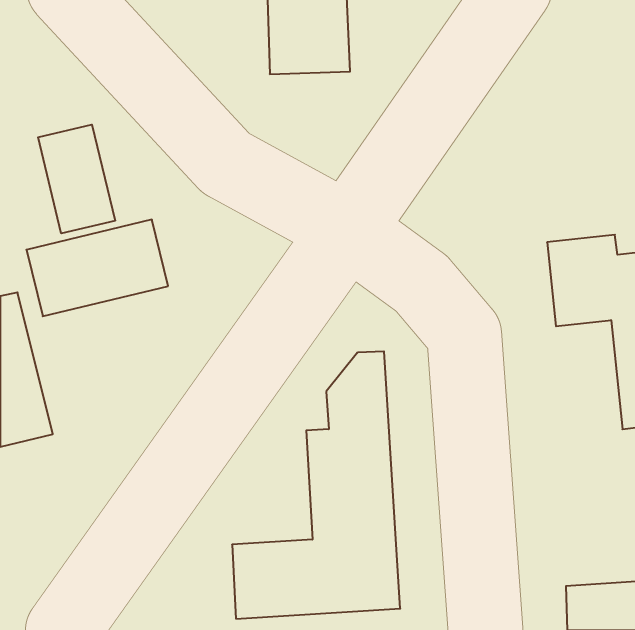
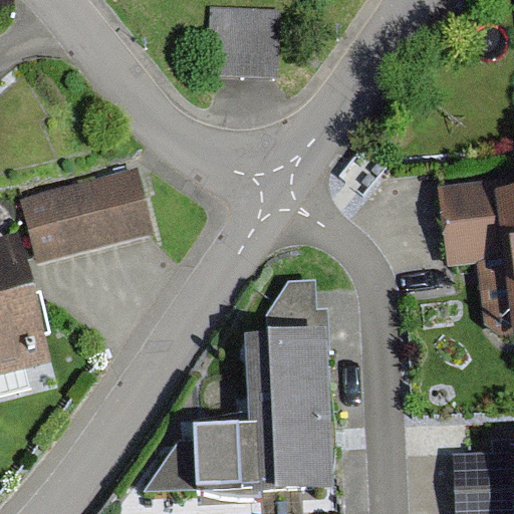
building: [38,125,115,233] -> none

